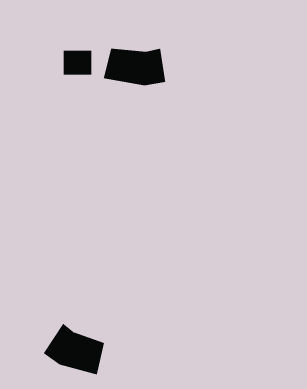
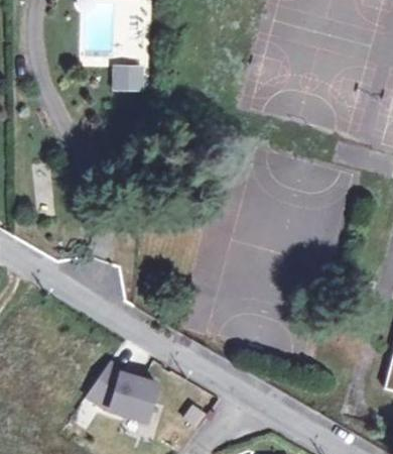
building: [103,48,166,86] -> none

